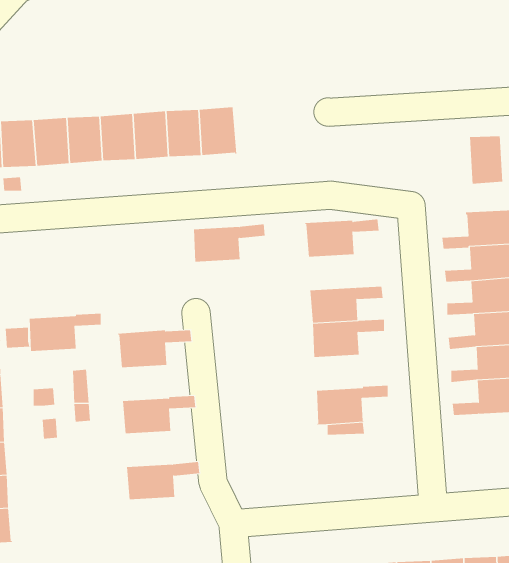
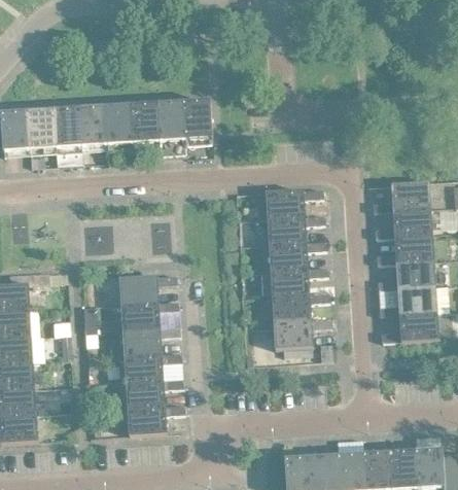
building: [470,136,503,184] -> none
building: [193,224,266,262] -> [268,213,324,243]
building: [29,313,101,351] -> [121,300,178,329]
building: none -> [272,291,329,321]
building: none -> [125,351,181,381]
building: none -> [128,404,184,434]

